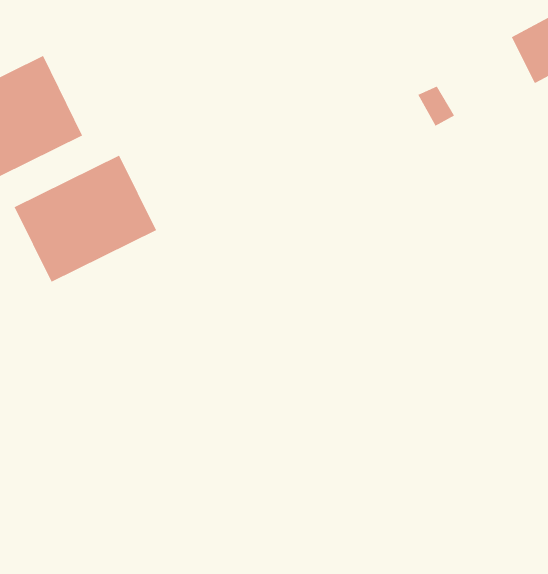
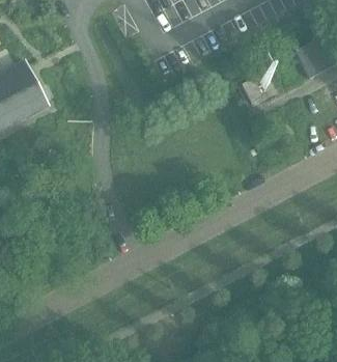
building: [14,155,157,283] -> none

